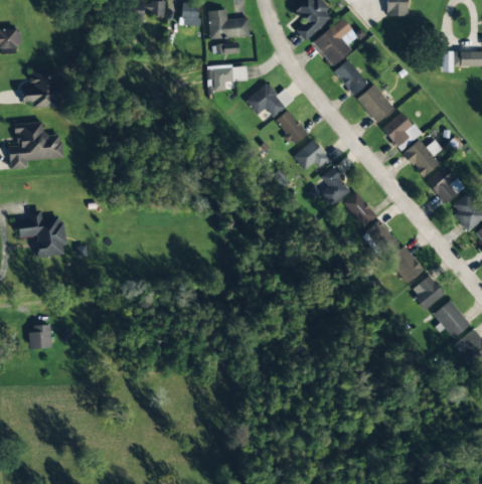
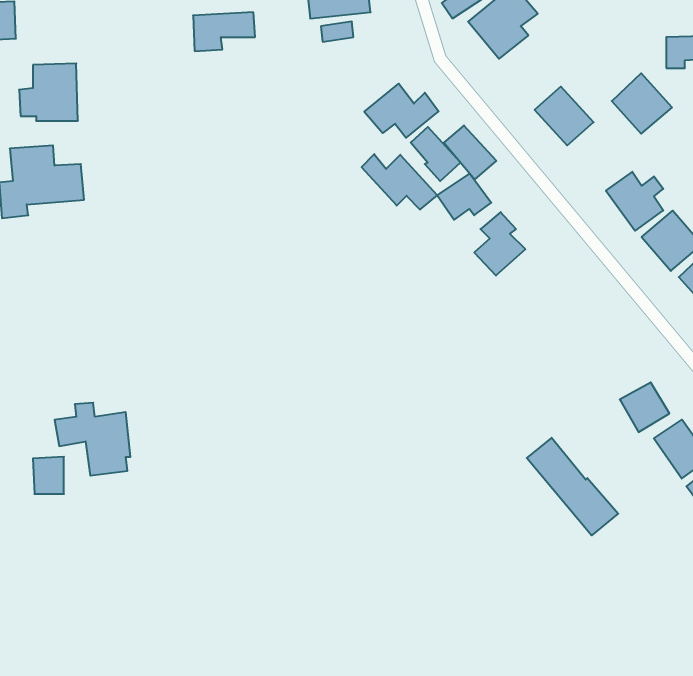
building: [334,59,368,95] -> [444,125,496,180]
building: [207,64,248,90] -> [193,12,255,51]
building: [382,111,422,150] -> [612,73,672,134]
building: none -> [362,154,437,210]
building: [343,192,377,226] -> none
building: [16,209,65,257] -> [55,403,130,476]
building: [364,219,424,283] -> [527,438,618,535]

